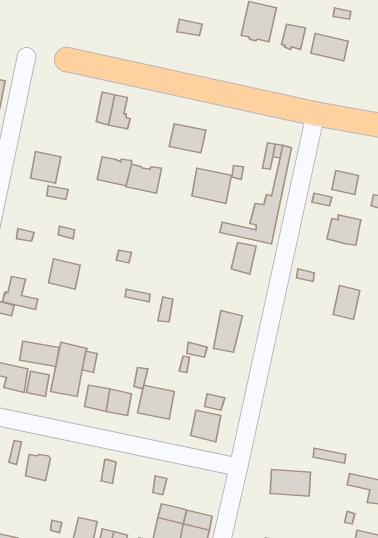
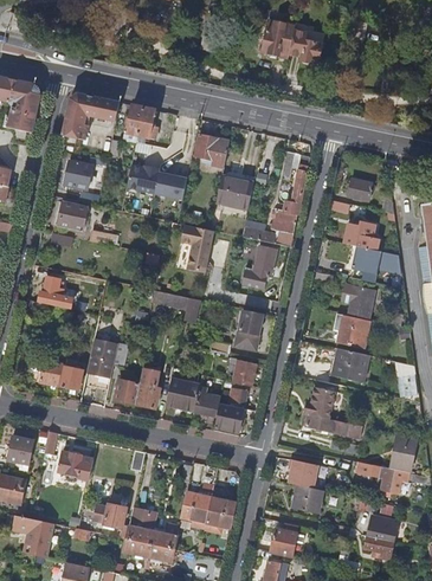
building: [311,34,348,61] -> none
building: none -> [62,89,121,138]
building: none -> [180,225,213,273]
building: none -> [350,247,381,284]
building: [49,259,80,289] -> [58,202,88,231]
building: none -> [333,315,370,348]
building: [19,341,59,367] -> none
building: none -> [329,348,368,383]
building: none -> [227,357,256,386]
building: none -> [194,387,220,417]
building: none -> [303,387,362,438]
building: none -> [294,485,323,514]

